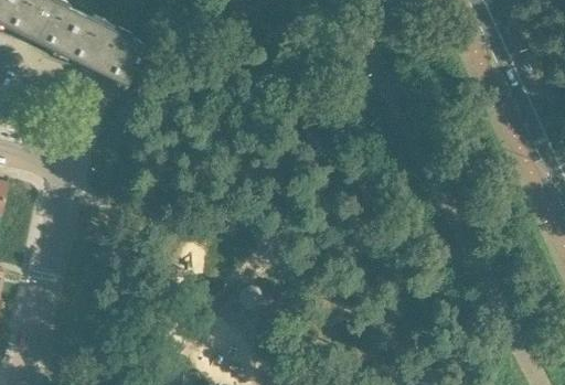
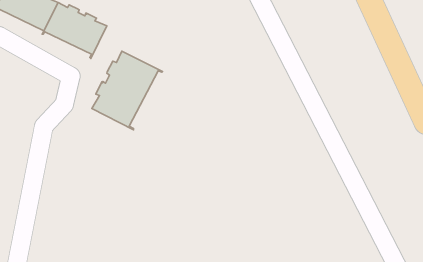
building: none -> [92,51,163,130]

